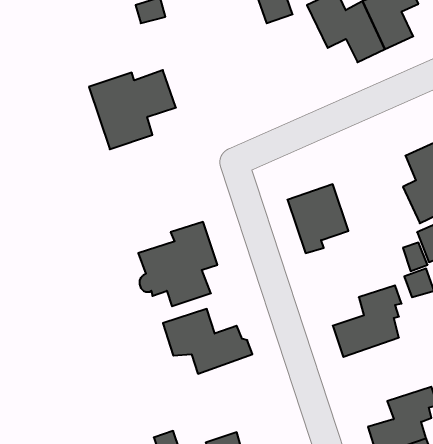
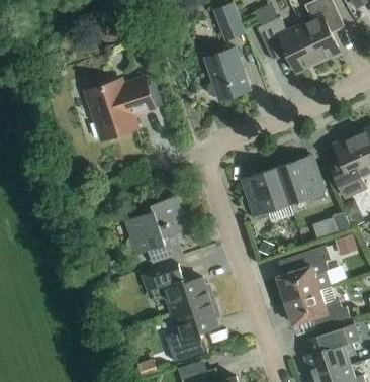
building: none -> [205,47,250,100]
building: none -> [277,155,327,203]
building: none -> [285,286,350,327]
building: none -> [166,299,218,362]

